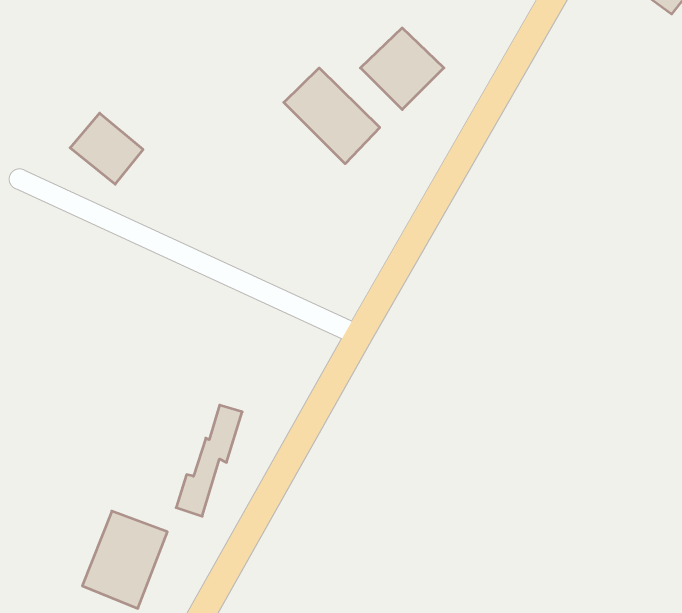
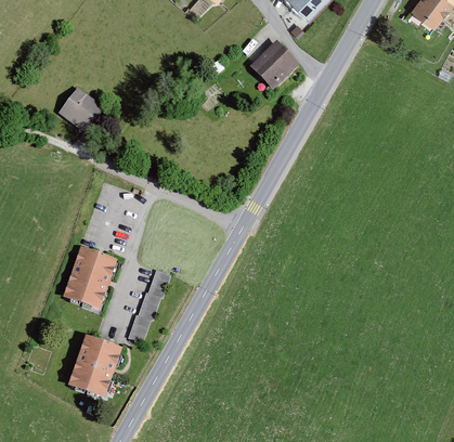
building: [284,68,380,164] -> none
building: none -> [62,248,116,310]

